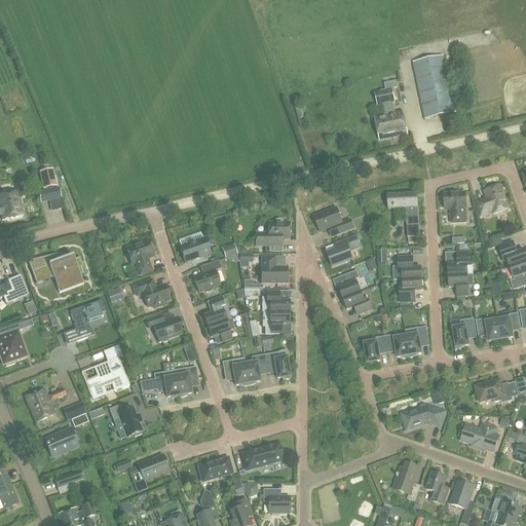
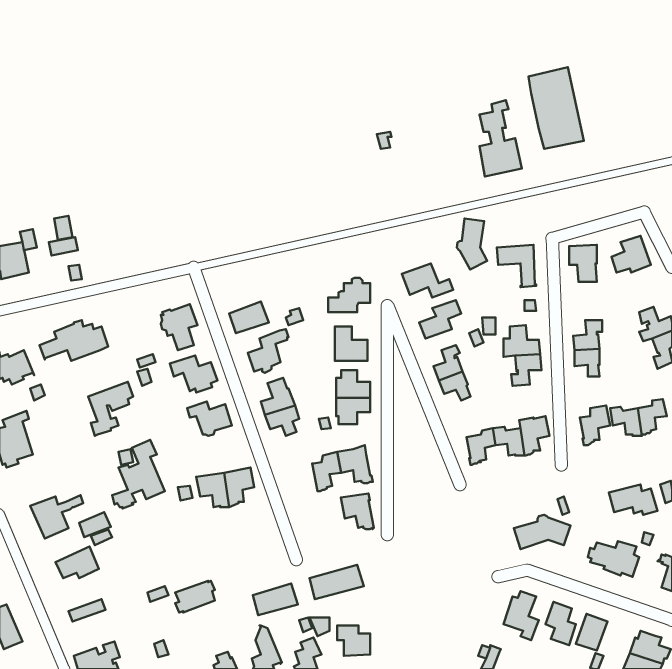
building: none -> [457,218,487,270]
building: [222,356,248,384] -> [341,493,374,529]
building: [108,403,142,436] -> none

